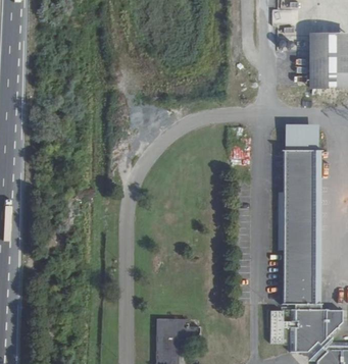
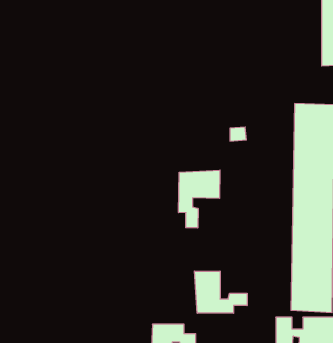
building: none -> [179,170,220,228]
building: none -> [194,271,247,313]

